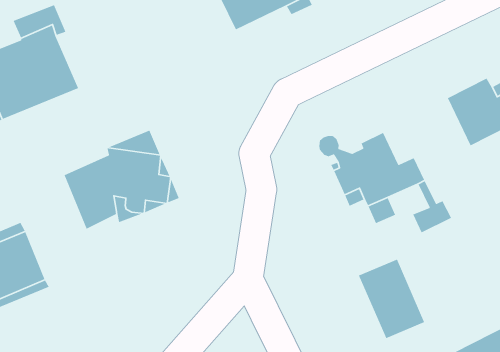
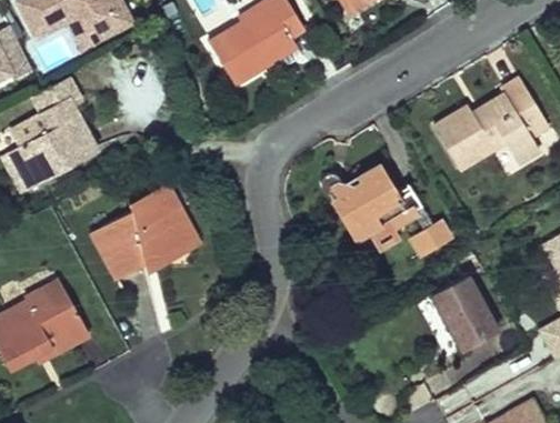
building: [358,258,425,339] -> [431,278,497,352]

